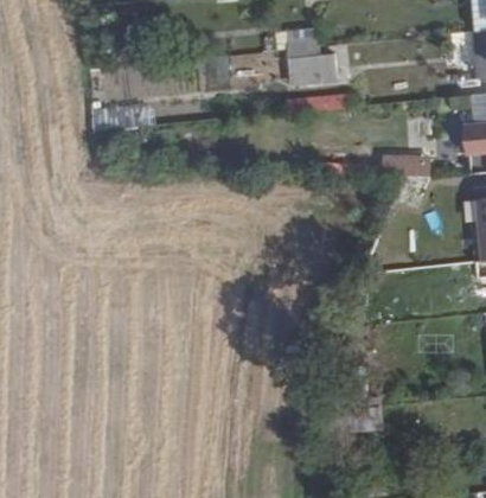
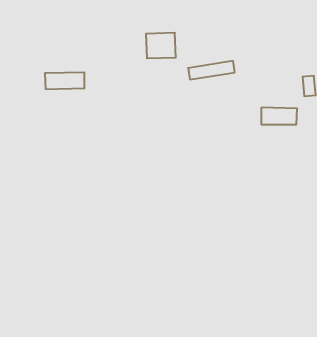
building: [280,28,347,84] -> none

